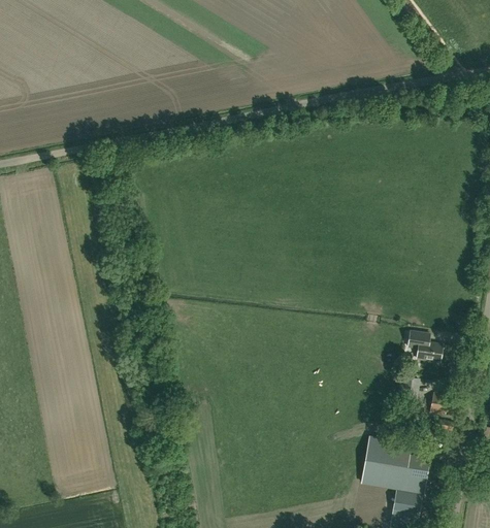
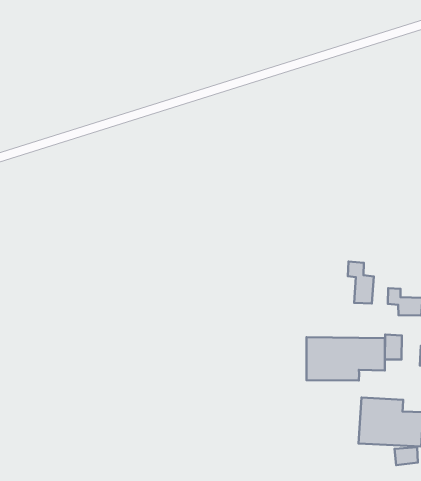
building: none -> [348,261,374,304]
building: none -> [306,337,385,381]

